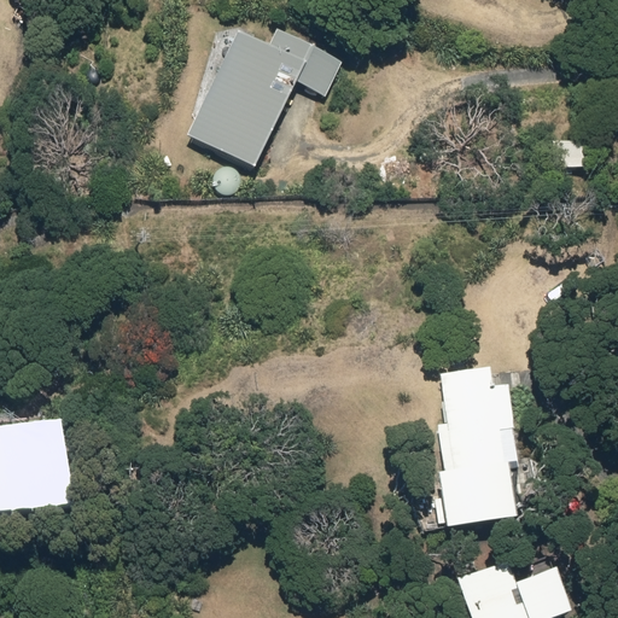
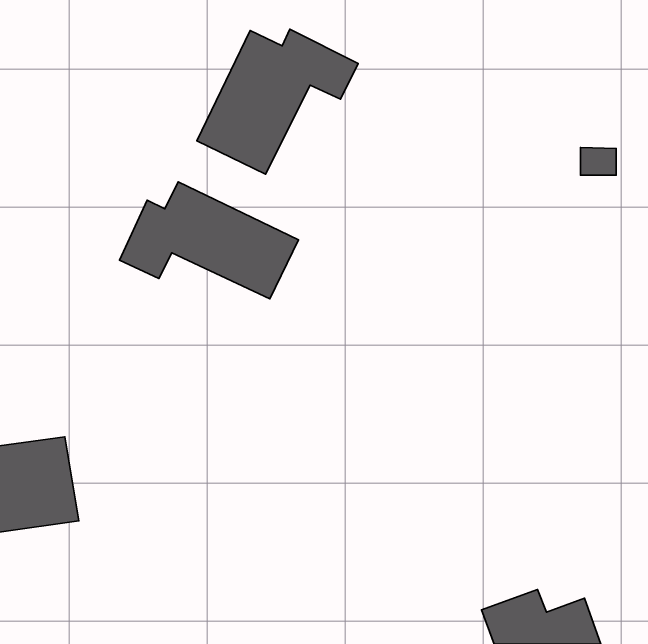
building: none -> [120,182,298,299]
building: [435,367,518,530] -> none

